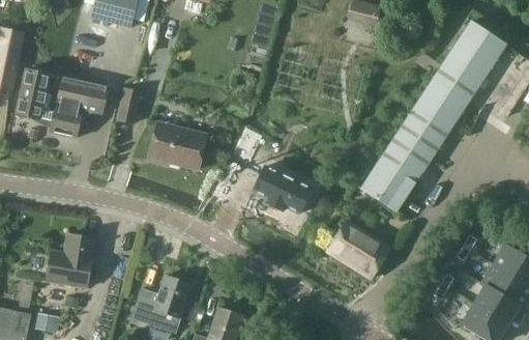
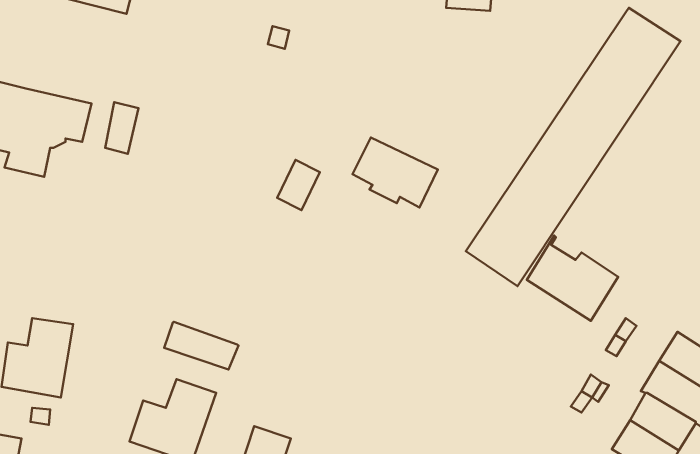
building: [147,123,204,167] -> none
building: [253,165,311,212] -> [353,138,438,208]
building: [327,221,389,279] -> [527,236,618,321]
building: none -> [164,322,238,369]

